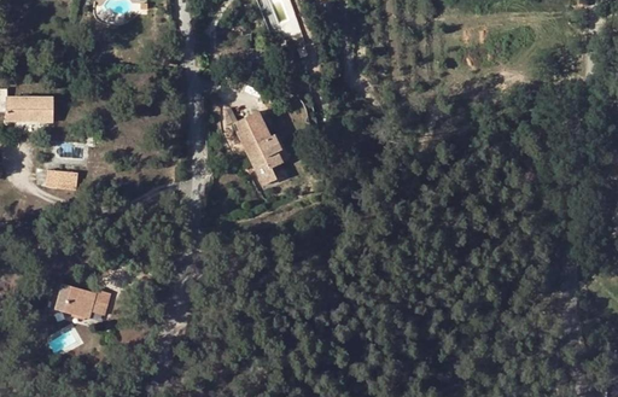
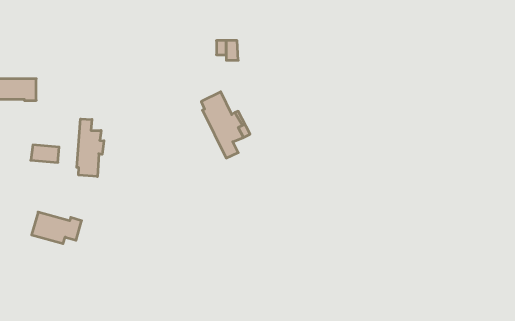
building: none -> [77,119,104,177]
building: [54,285,110,320] -> [32,212,82,244]

